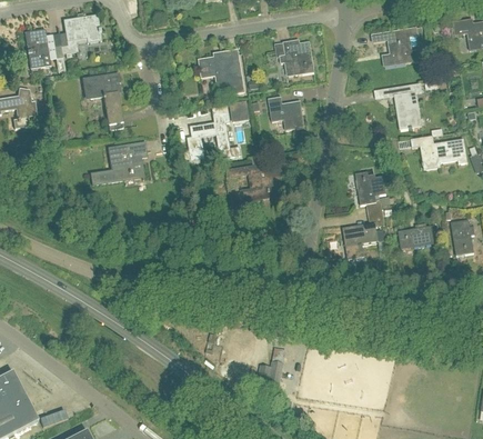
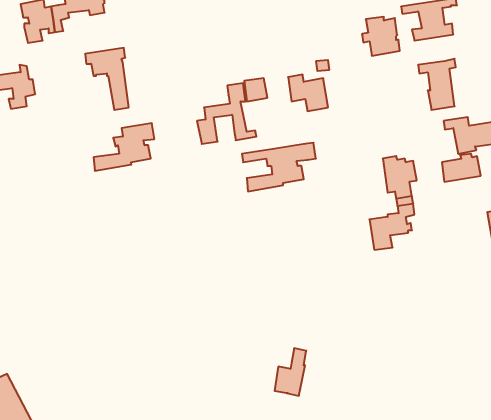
building: [279,40,313,76] -> [362,17,400,56]
building: [198,49,243,96] -> none
building: [398,223,433,249] -> [442,154,481,182]

